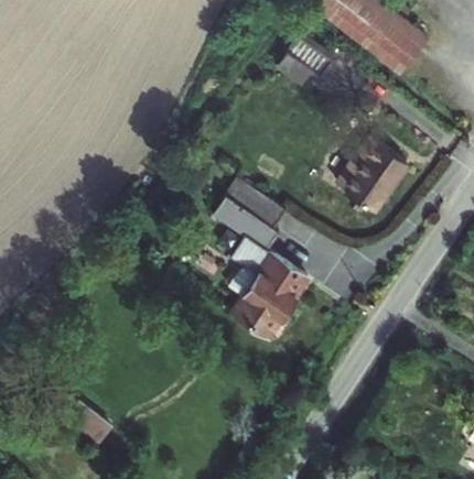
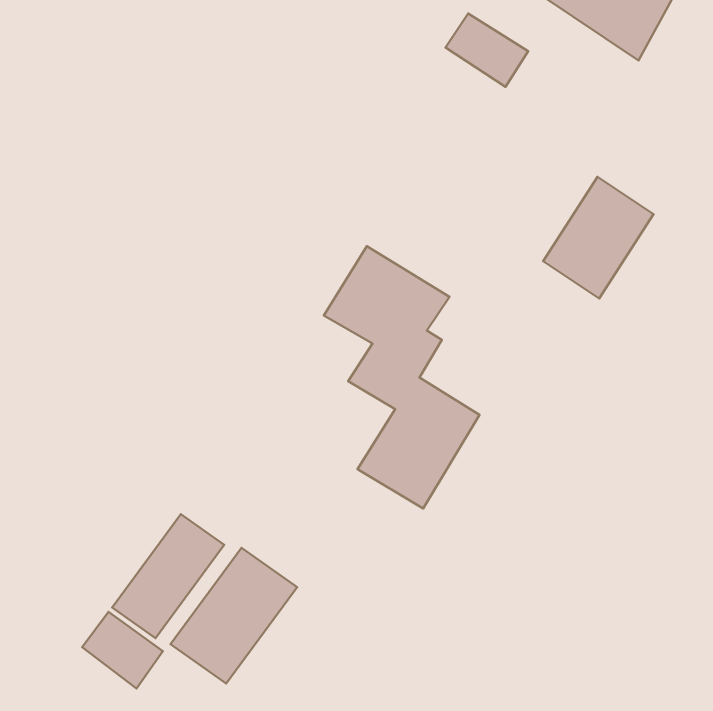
building: none -> [112,514,224,638]
building: none -> [170,548,297,683]

